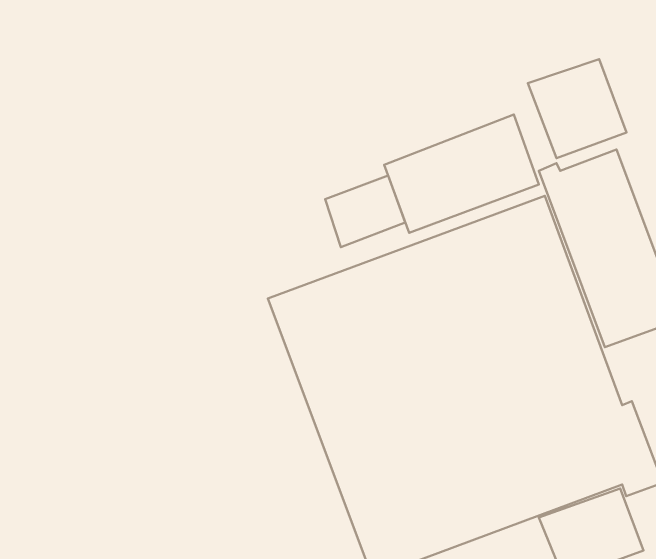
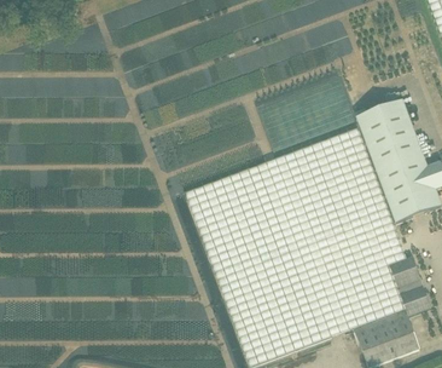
building: [528,59,627,158] -> none
building: [325,176,405,247] -> none

